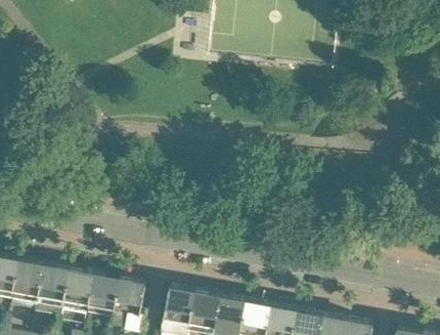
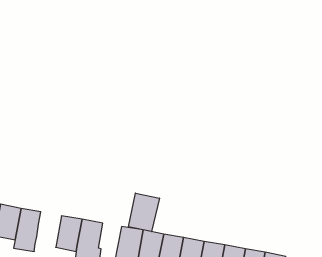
building: none -> [128,193,159,232]
building: [60,266,93,310] -> none

